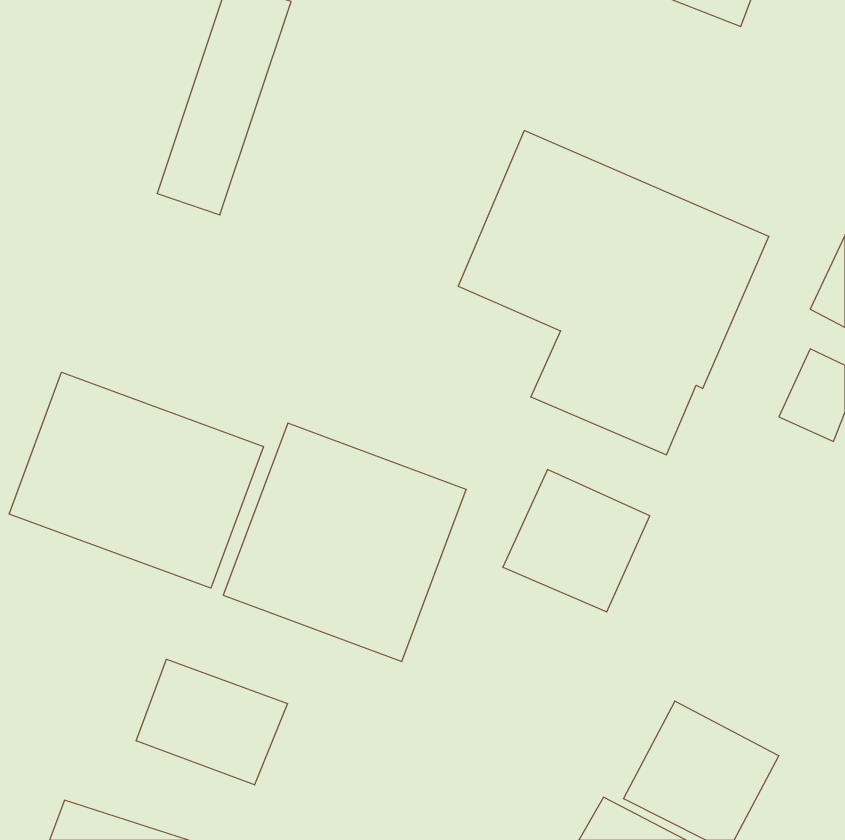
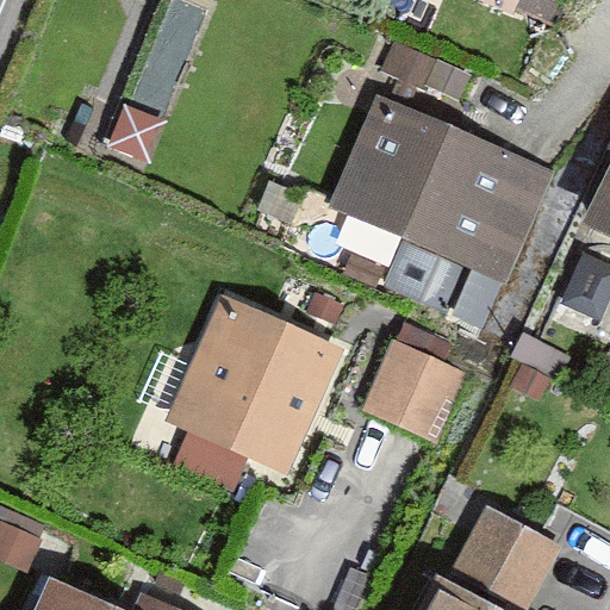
building: [9,372,263,588] -> none
building: [136,659,288,785] -> none

